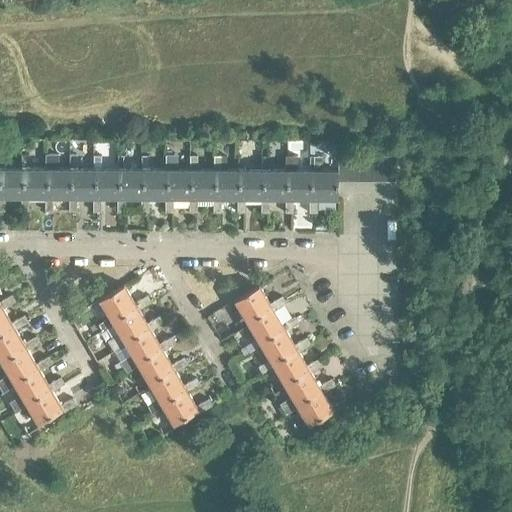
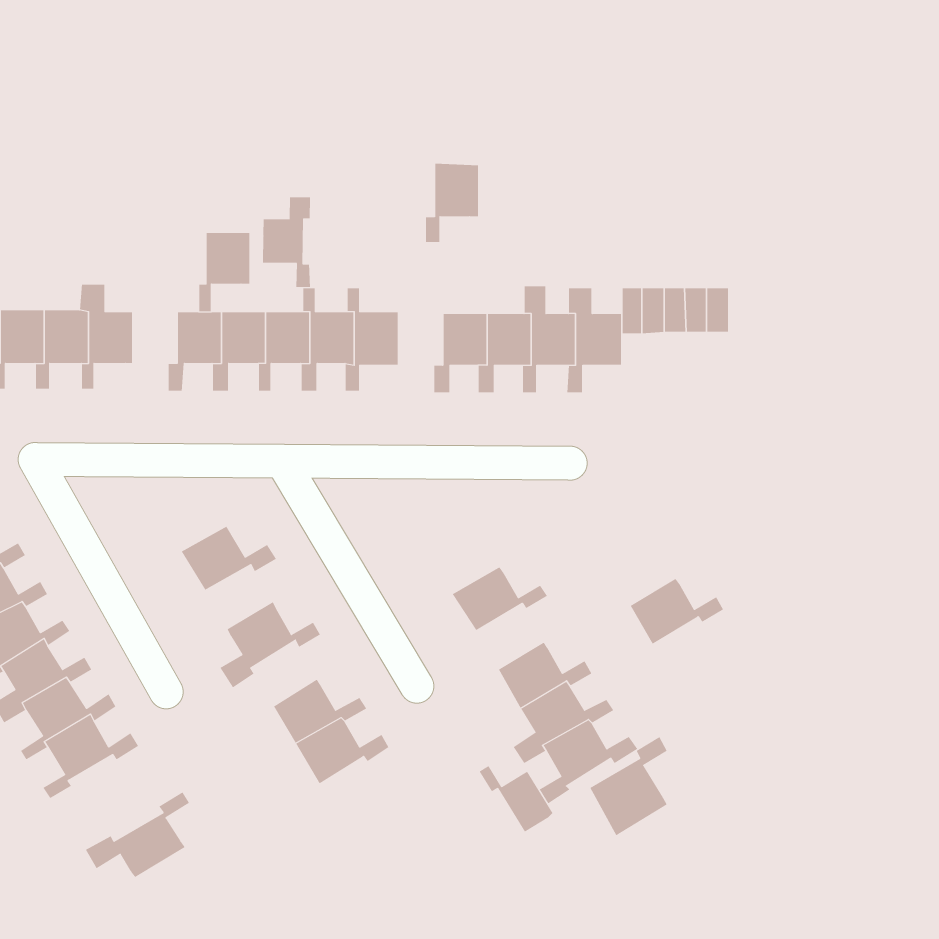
building: none -> [262,196,311,288]
building: [68,171,96,214] -> [199,232,250,312]
building: [211,171,240,214] -> [425,163,479,243]
building: [233,288,284,324] -> none
building: [106,308,162,354] -> none
building: [258,329,309,365] -> [630,578,724,644]
building: [136,349,186,385] -> none
building: none -> [589,736,667,836]
building: none -> [479,765,553,833]
building: none -> [85,791,190,878]

